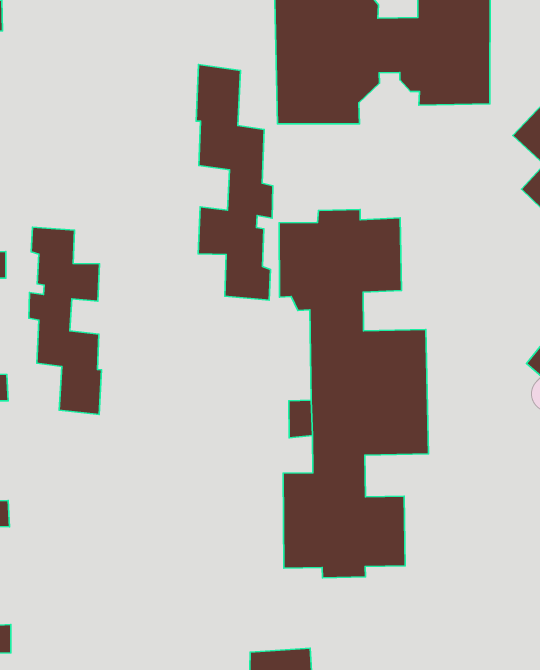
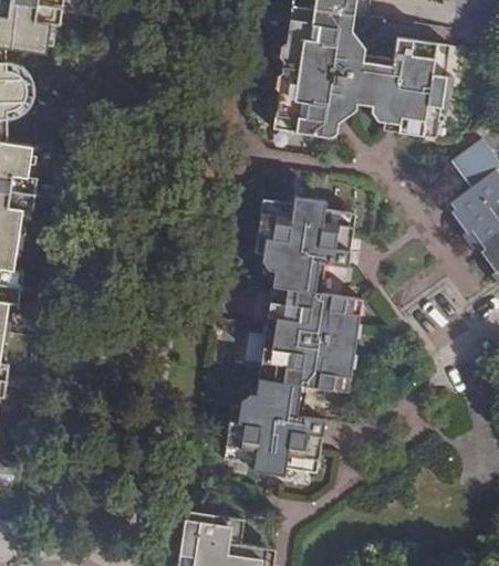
building: [196,65,273,300] -> none
building: [29,227,101,415] -> none

